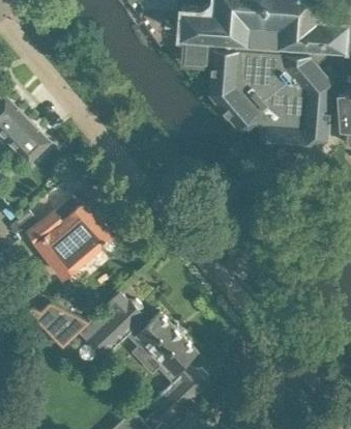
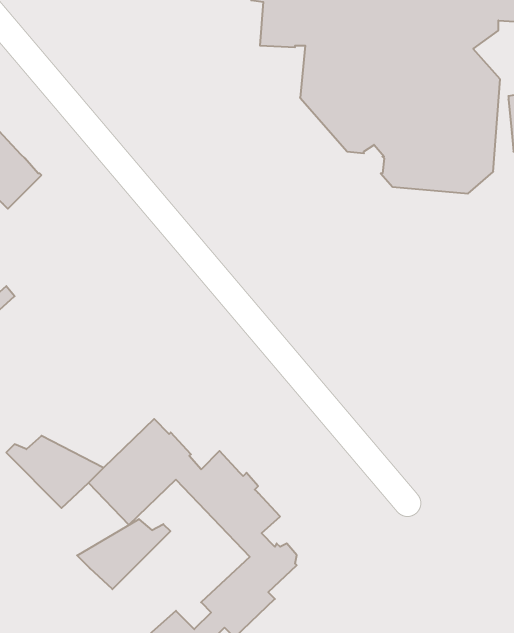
building: [28,205,112,279] -> none
building: none -> [77,519,170,589]

